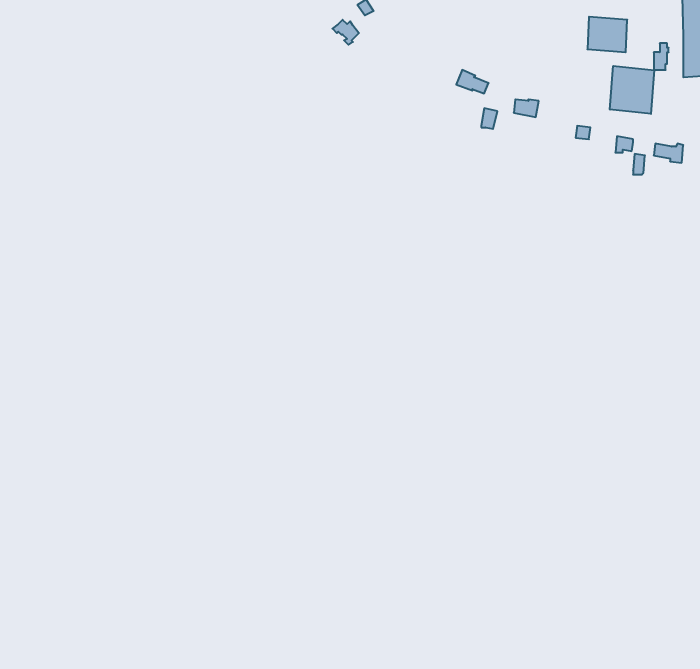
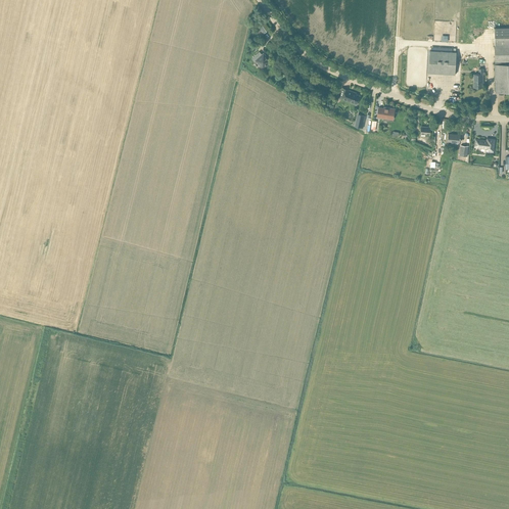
building: [610,66,654,114] -> none

